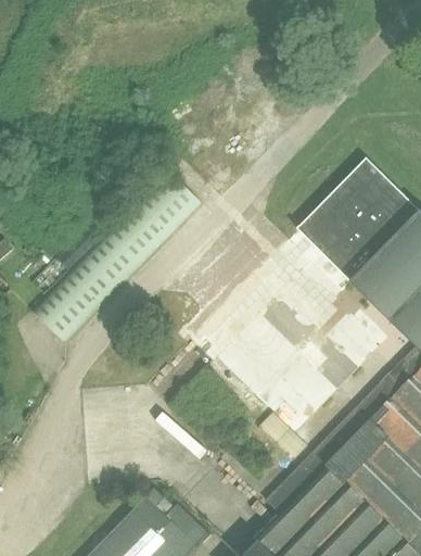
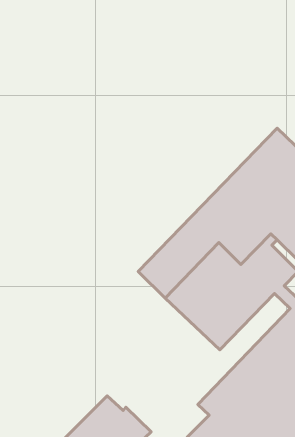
building: [29,168,201,342] -> none

